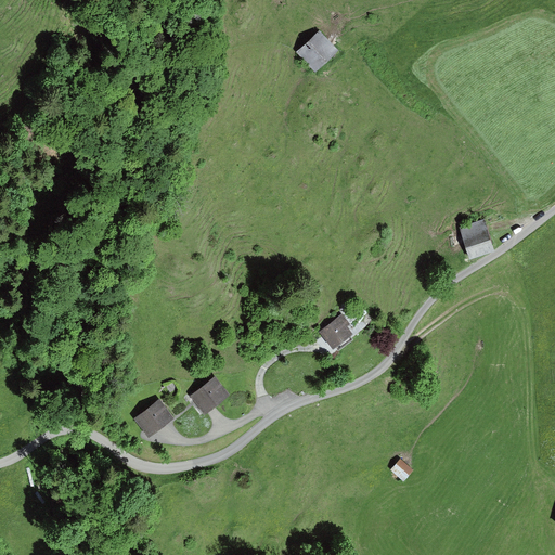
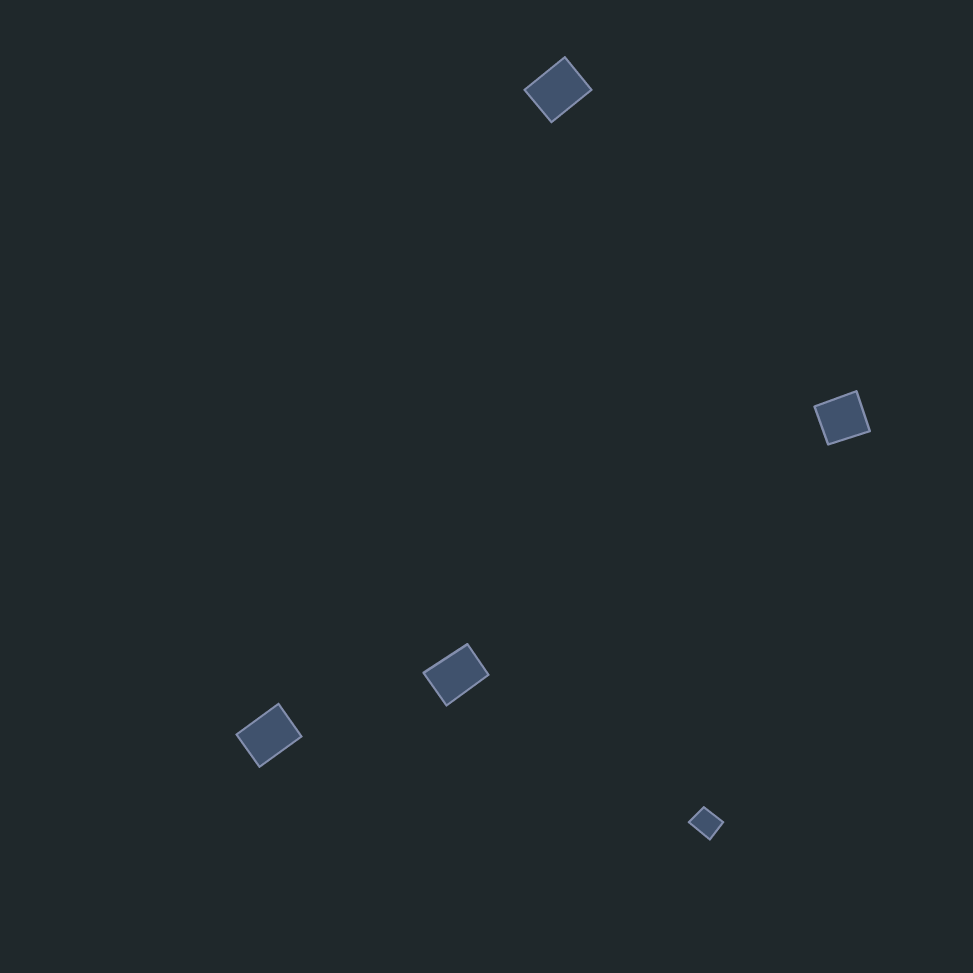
building: [319,314,352,348] -> none
building: [190,378,227,413] -> [424,644,489,705]

